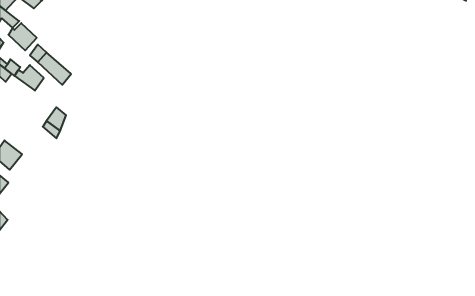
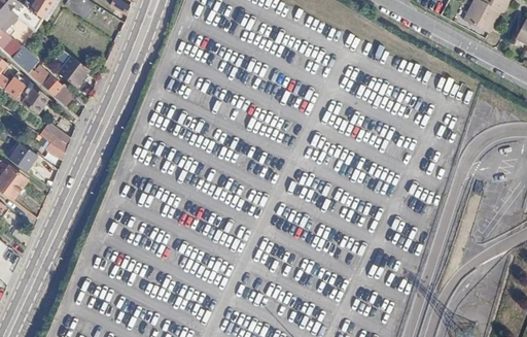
building: none -> [58,56,87,86]
building: none -> [6,144,36,173]

